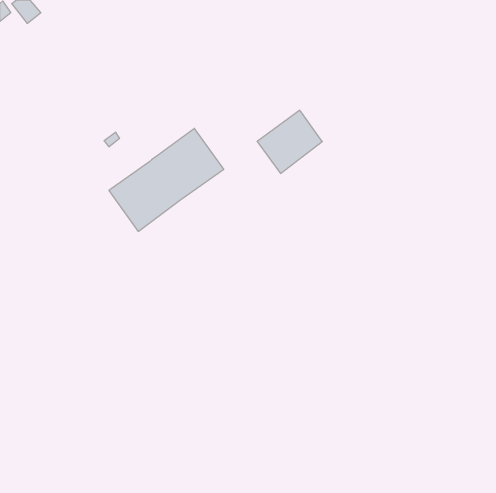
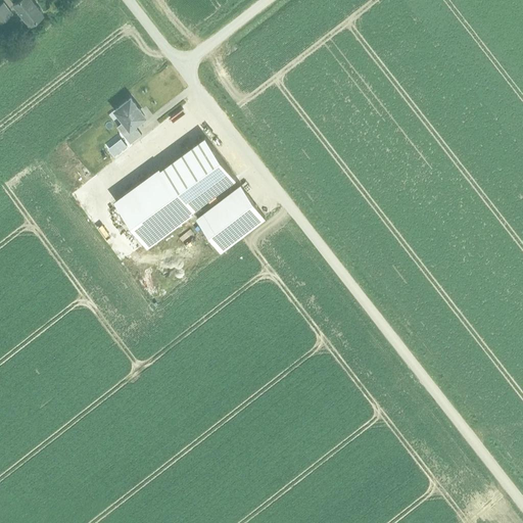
building: none -> [114,101,144,146]
building: [257,110,322,173] -> [195,188,264,254]

